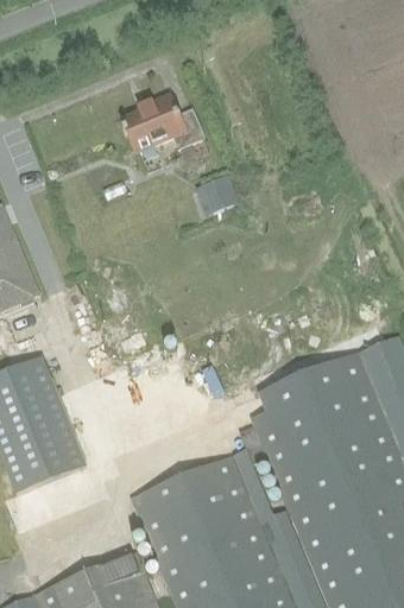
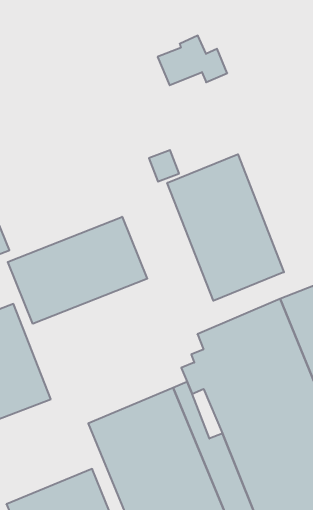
building: [122,95,204,153] -> [158,36,227,85]
building: none -> [167,154,284,301]
building: none -> [8,217,147,324]

